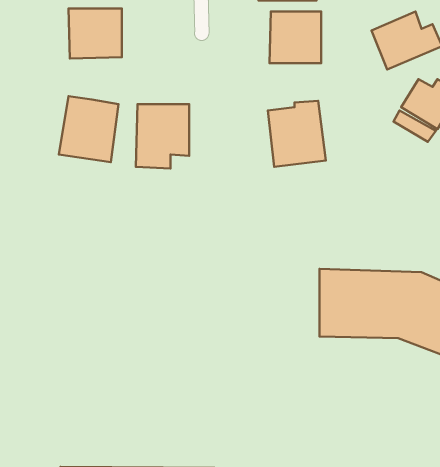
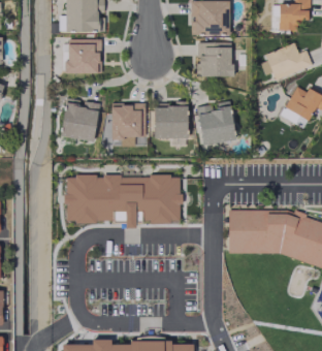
building: none -> [155,101,188,138]
building: none -> [66,176,181,228]

